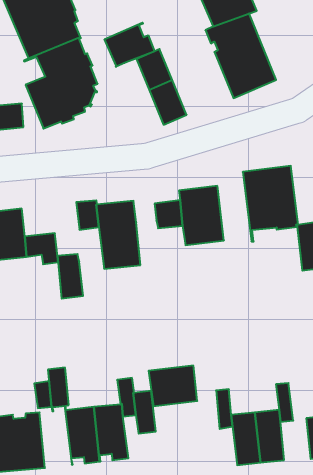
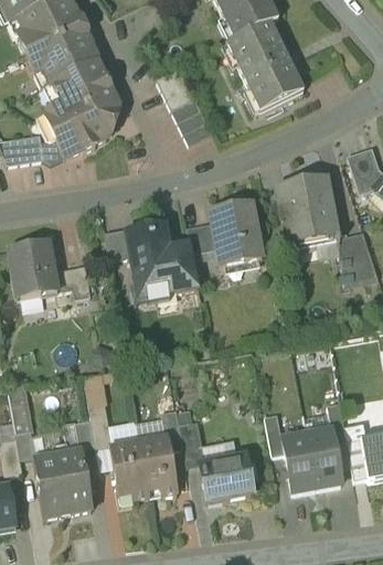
building: [105,23,155,67] -> none
building: [57,254,83,299] -> [169,244,199,291]
building: [149,366,197,406] -> [200,456,253,501]

